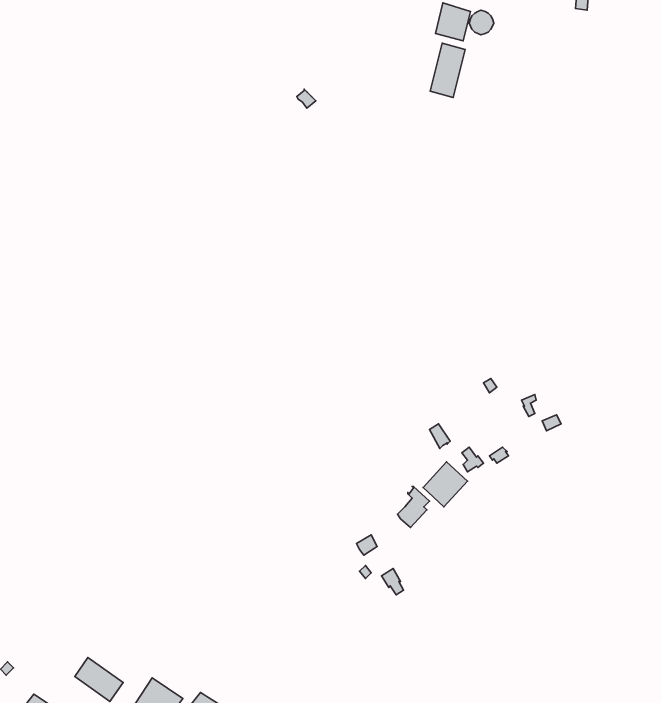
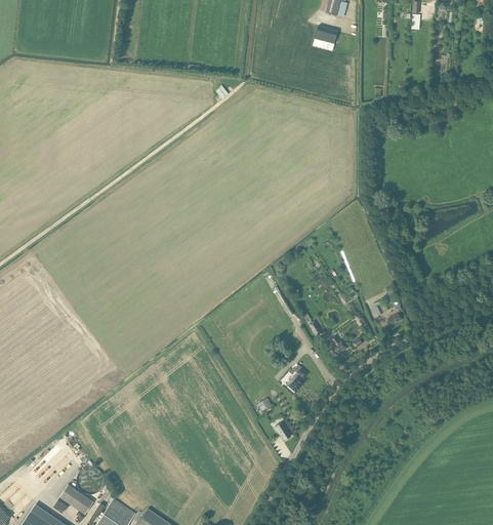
building: [430,43,465,97] -> none
building: [423,462,467,507] -> none

